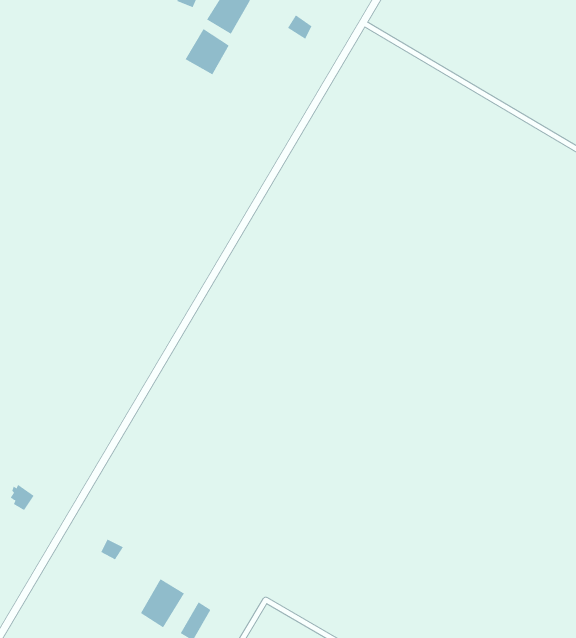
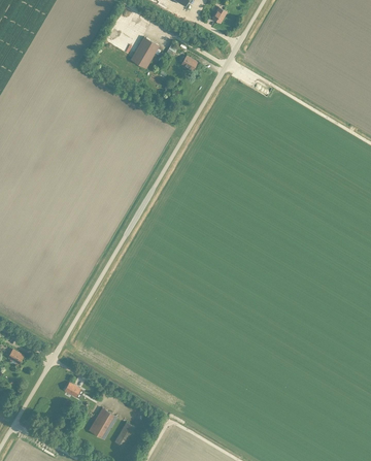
building: [185,28,230,75] -> none

